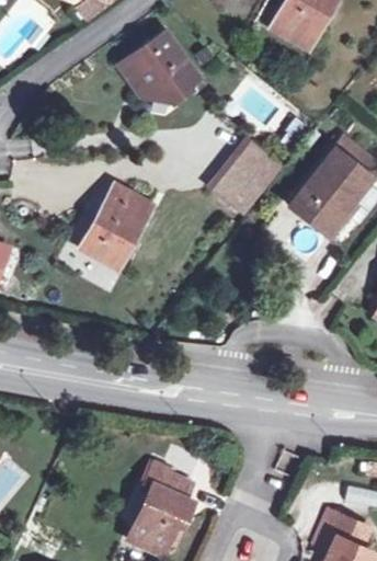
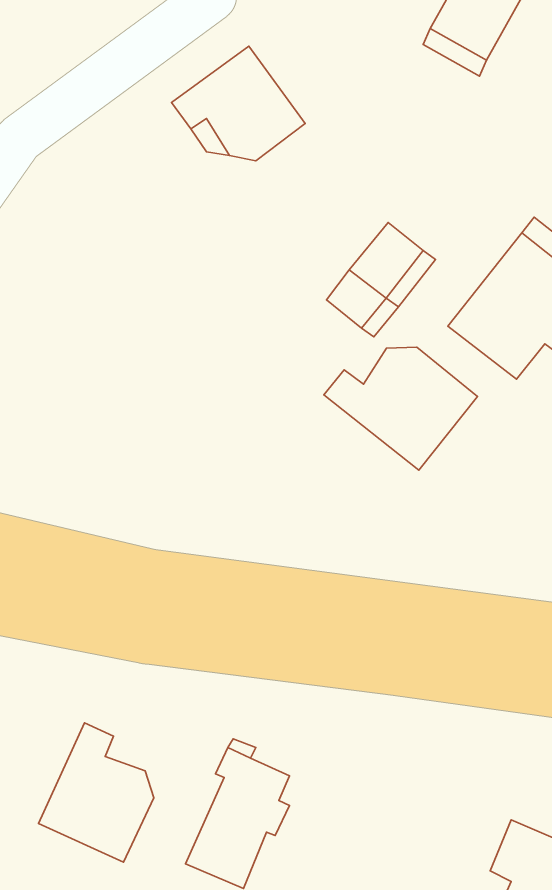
building: [82,185,152,268] -> none
building: none -> [324,347,477,470]
building: none -> [39,723,154,862]

